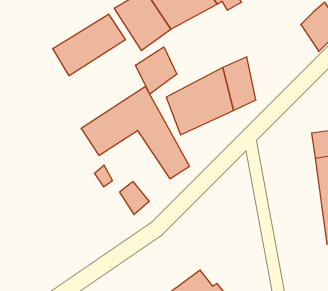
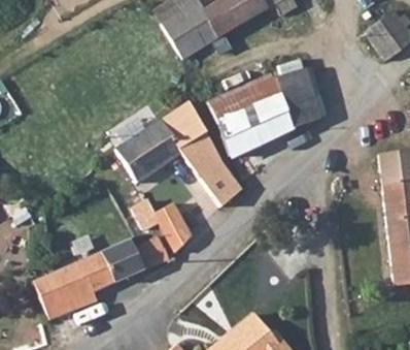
building: [53,14,125,76] -> none
building: [135,47,177,94] -> none
building: none -> [34,234,169,322]

